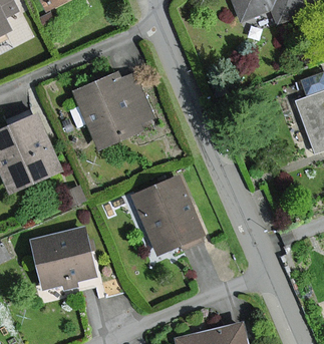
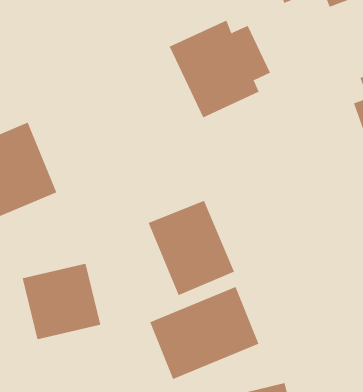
building: [70,72,151,150] -> [169,20,271,118]
building: none -> [150,286,259,380]

